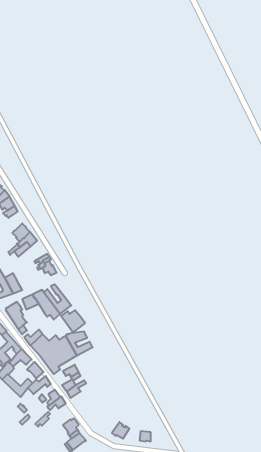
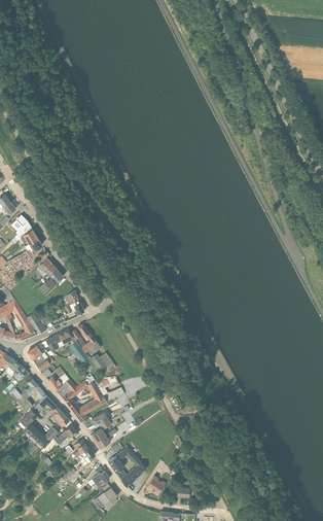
building: none -> [108,448,146,488]

